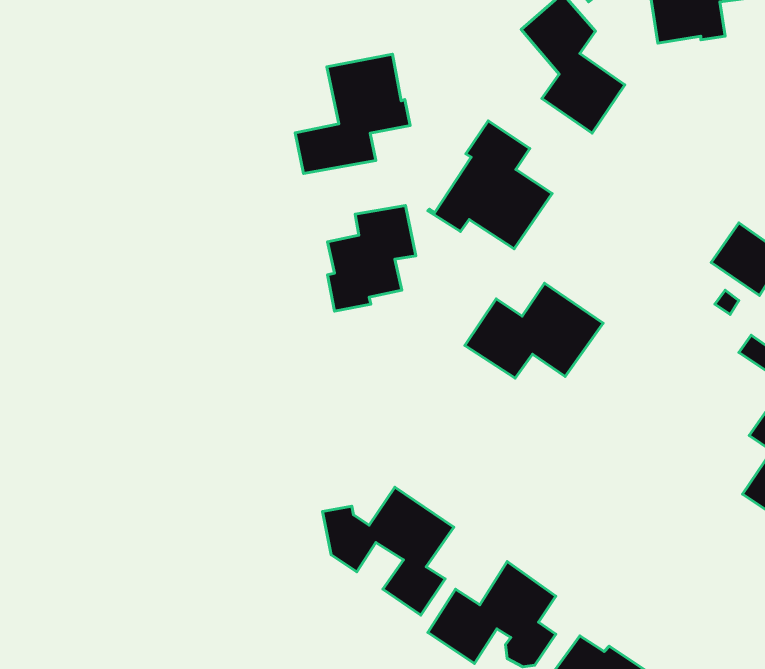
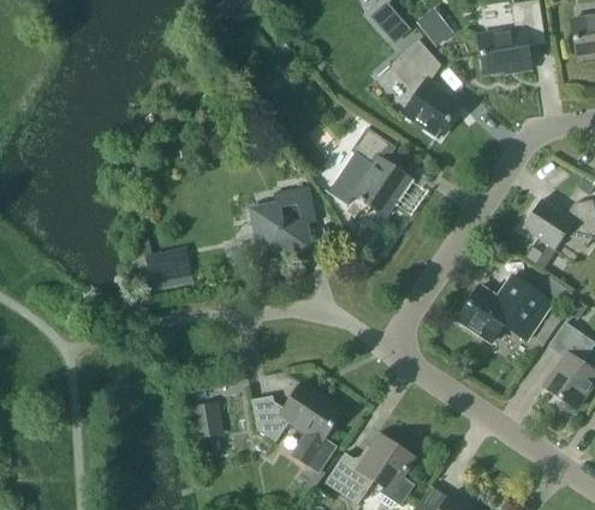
building: [295,54,410,173] -> none
building: none -> [141,238,191,283]
building: [465,283,603,378] -> [457,275,553,341]
building: none -> [190,401,224,438]

